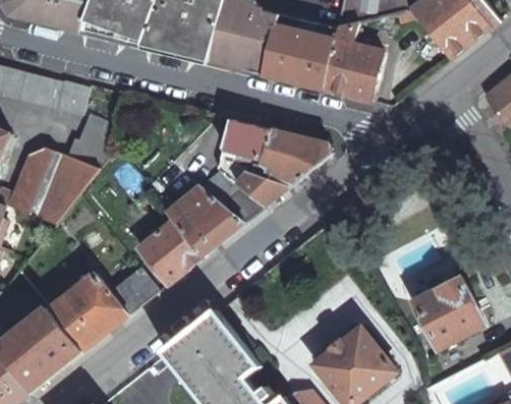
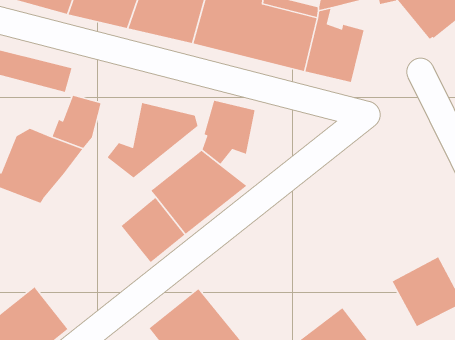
building: [236,129,330,207] -> [107,102,198,178]
building: [49,267,157,352] -> none

